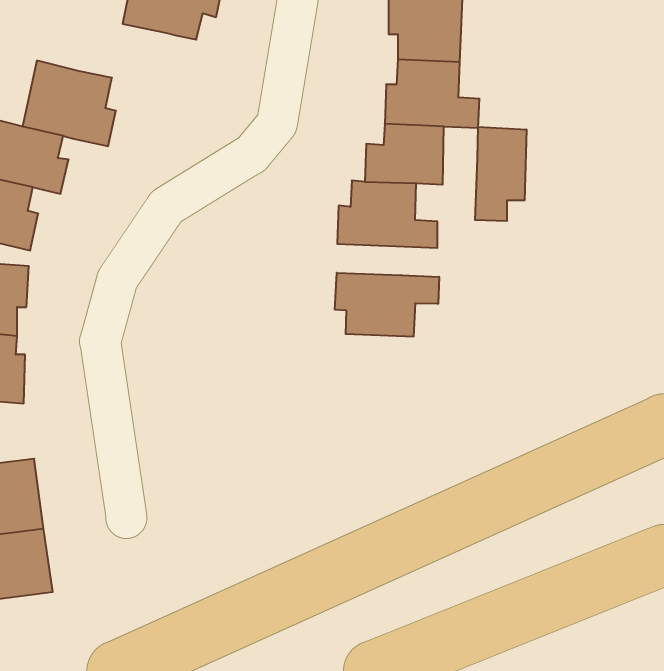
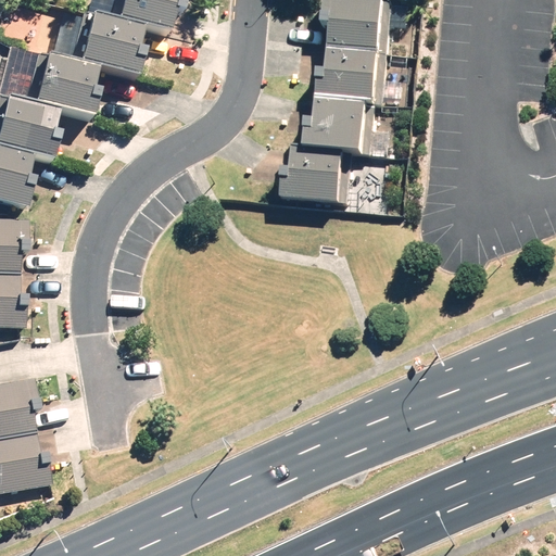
building: none -> [65,13,141,74]
building: [475,127,526,221] -> none
building: [335,273,439,337] -> none

